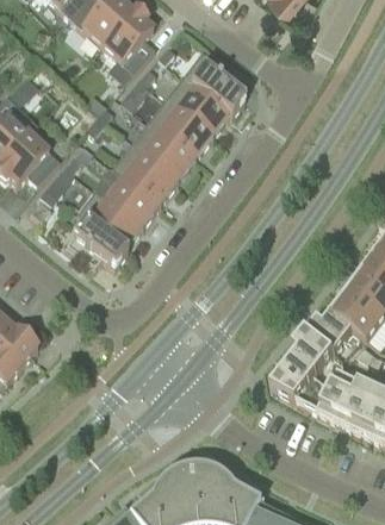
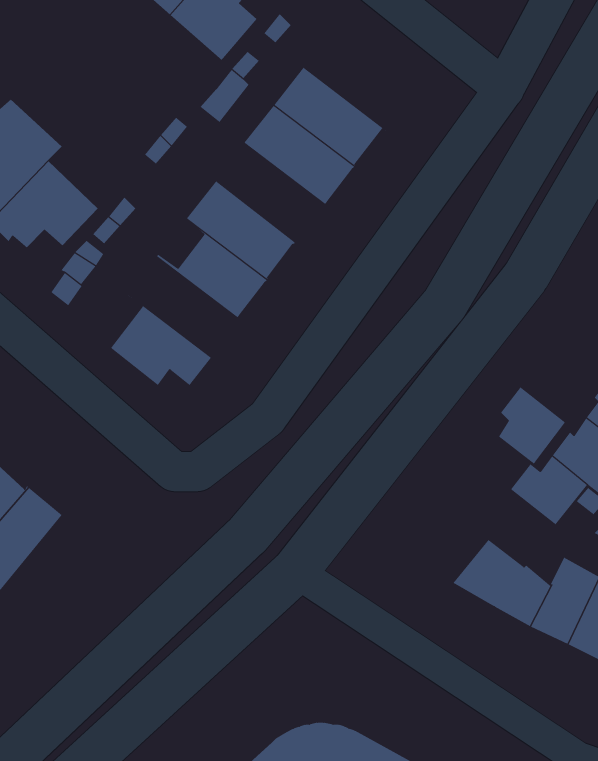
building: [182,50,246,114] -> none
building: [130,121,195,181] -> none
building: [77,189,143,250] -> none
building: [293,329,334,375] -> [498,387,566,464]

